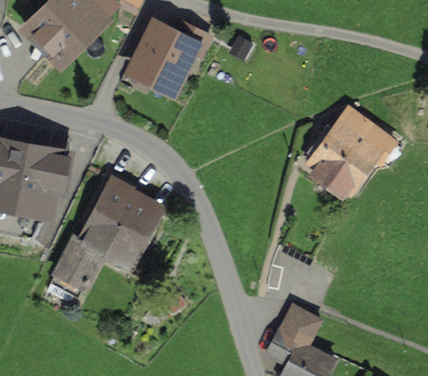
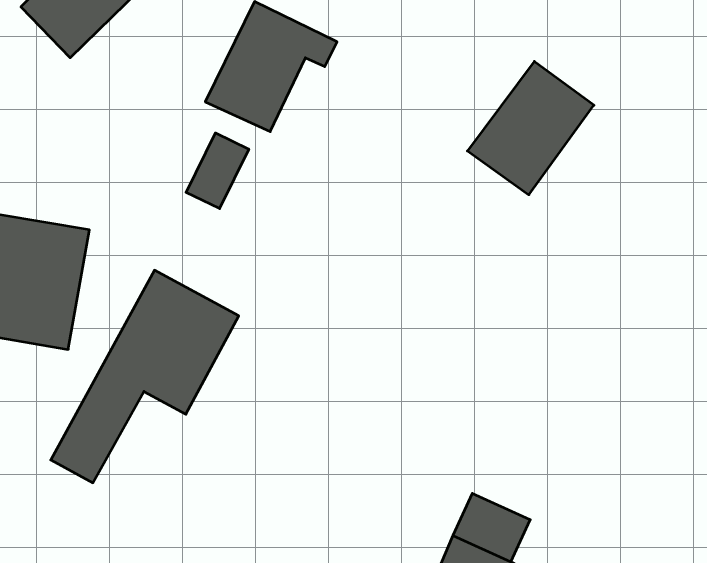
building: none -> [186,133,249,209]
building: [310,113,382,189] -> [467,61,594,195]

